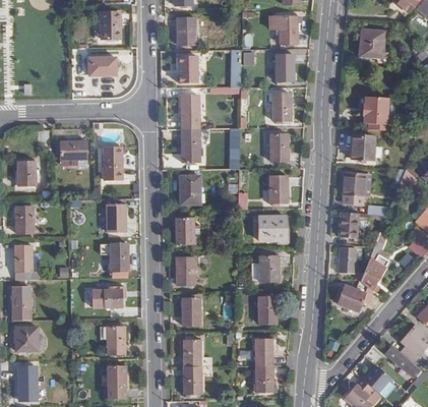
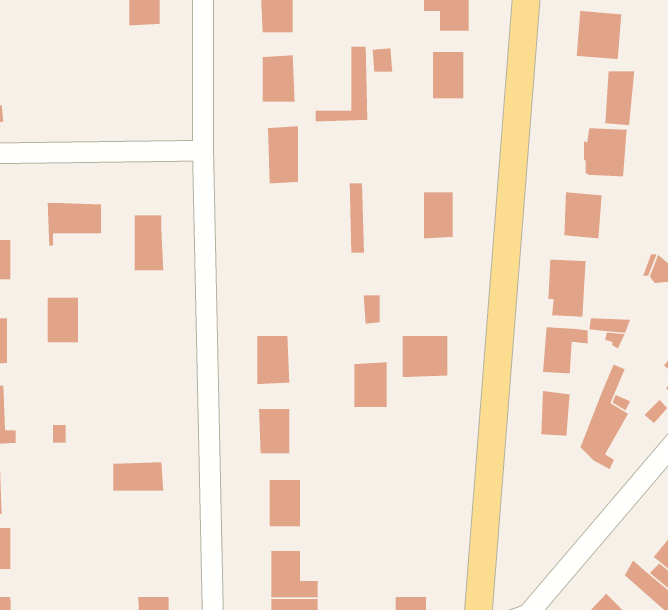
building: [88,56,115,74] -> none
building: none -> [605,71,635,126]
building: [272,92,291,120] -> none
building: [182,128,200,163] -> none
building: [179,175,199,204] -> none
building: [268,175,287,202] -> none
building: [107,205,125,231] -> [47,297,79,343]
building: [110,242,128,269] -> none
building: [258,254,278,281] -> [354,362,387,408]
building: [339,280,374,312] -> none
building: [257,296,276,324] -> none
building: [107,326,124,354] -> none
building: [253,338,272,365] -> none

